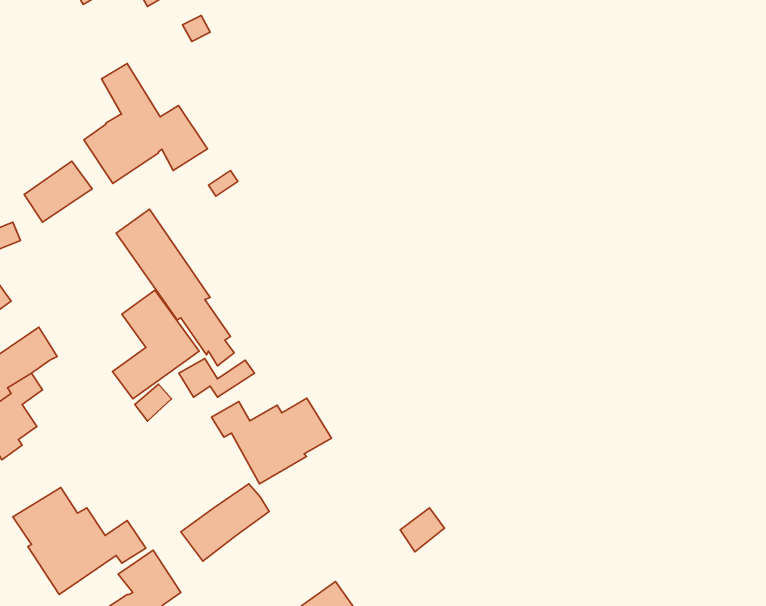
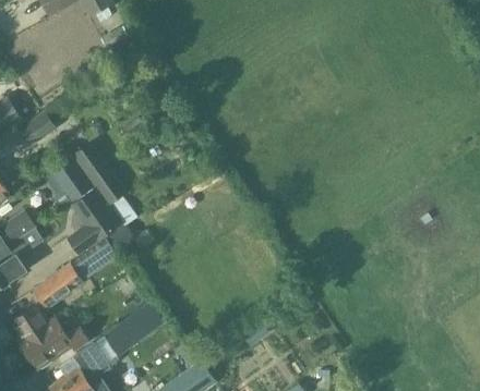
building: [84,63,207,183] -> none
building: none -> [50,159,93,208]
building: [212,398,332,484] -> none
building: none -> [32,264,83,310]

